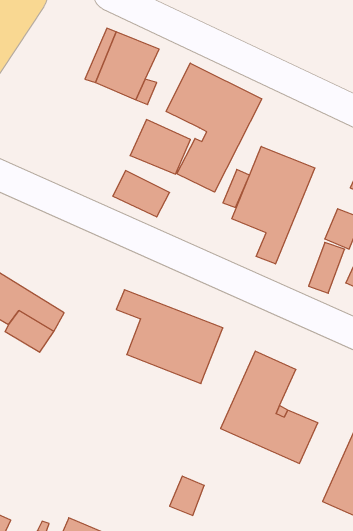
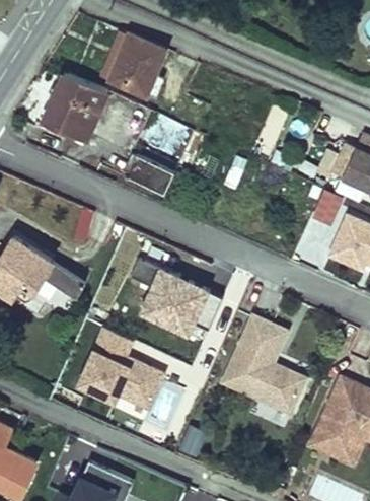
building: [166,63,262,192] -> none
building: none -> [45,72,109,140]
building: [232,146,315,264] -> none
building: none -> [78,329,164,402]

